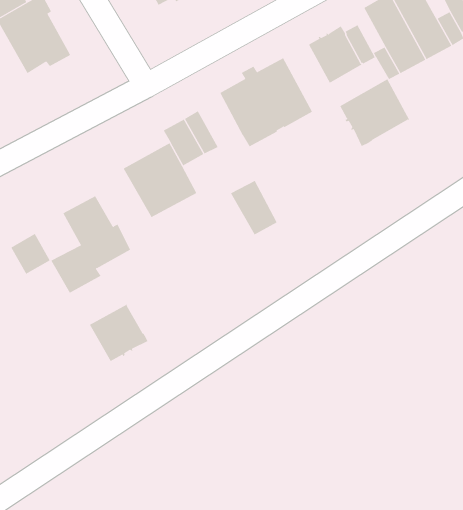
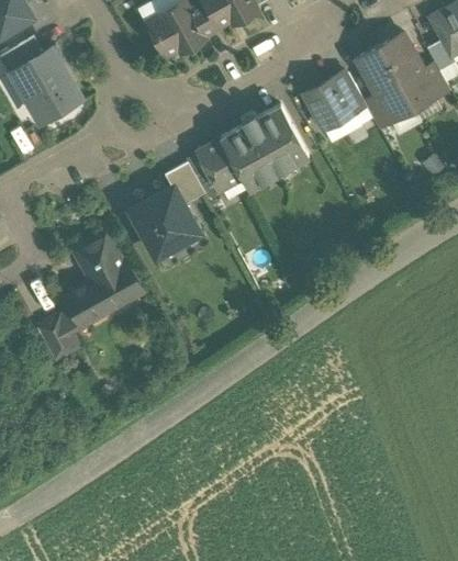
building: [339,78,410,147] -> none
building: [230,180,277,236] -> [198,139,242,191]
building: [10,233,51,275] -> [36,314,74,352]
building: [89,304,148,362] -> none

